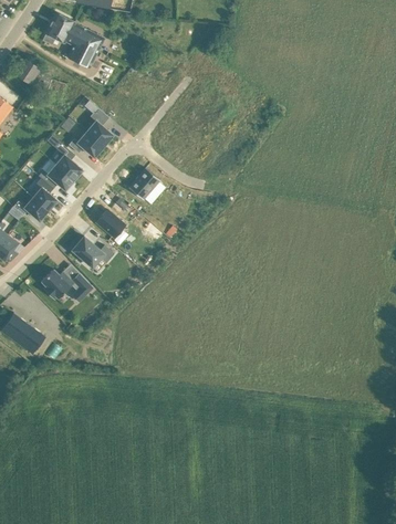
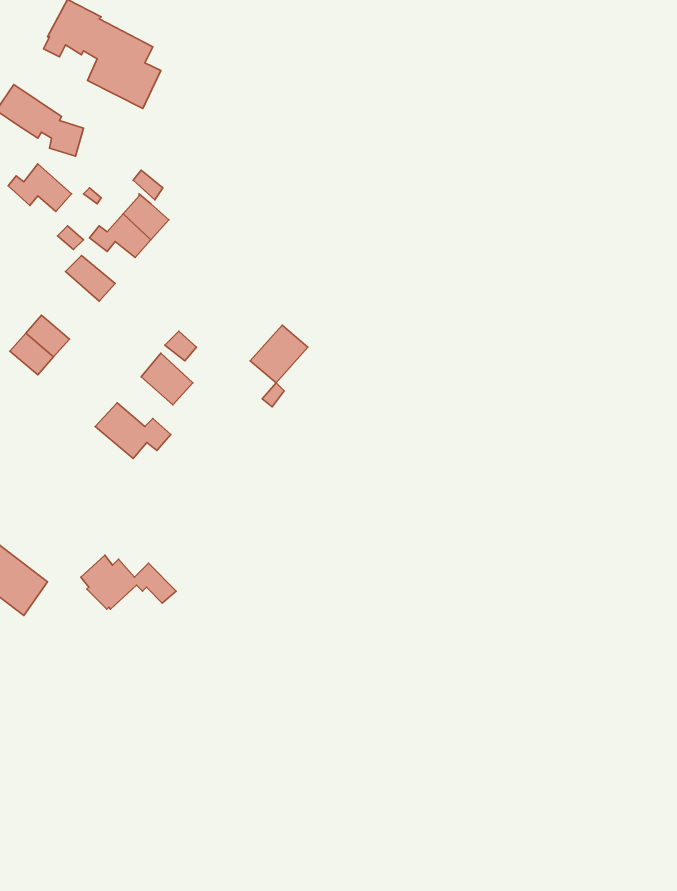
building: [38,164,73,190] -> [8,164,72,212]
building: [127,168,159,200] -> [250,325,308,383]
building: [40,269,93,298] -> [81,555,176,609]

